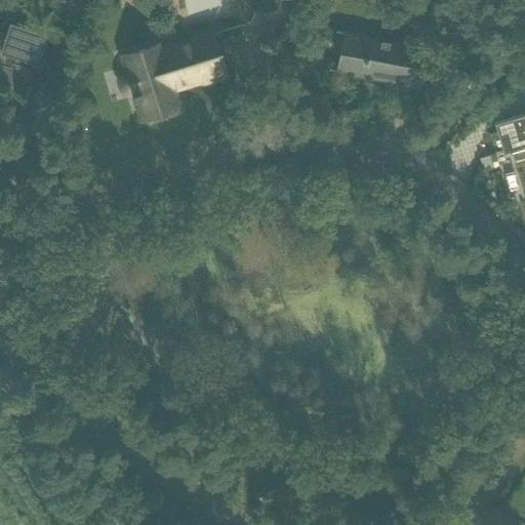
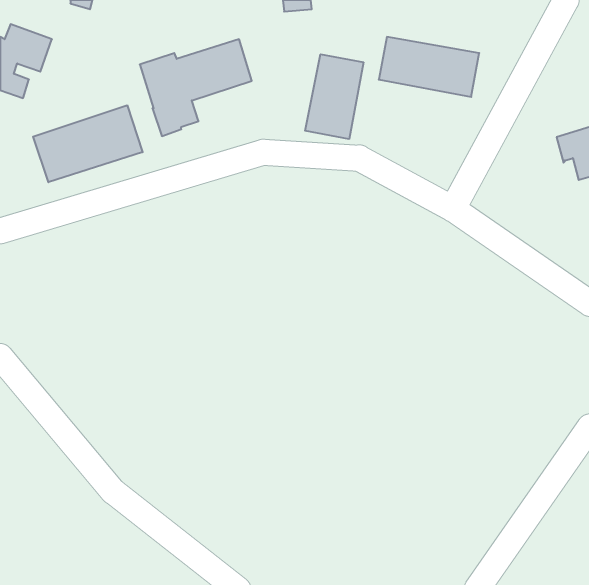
building: none -> [305,54,363,139]
building: none -> [33,105,143,182]

